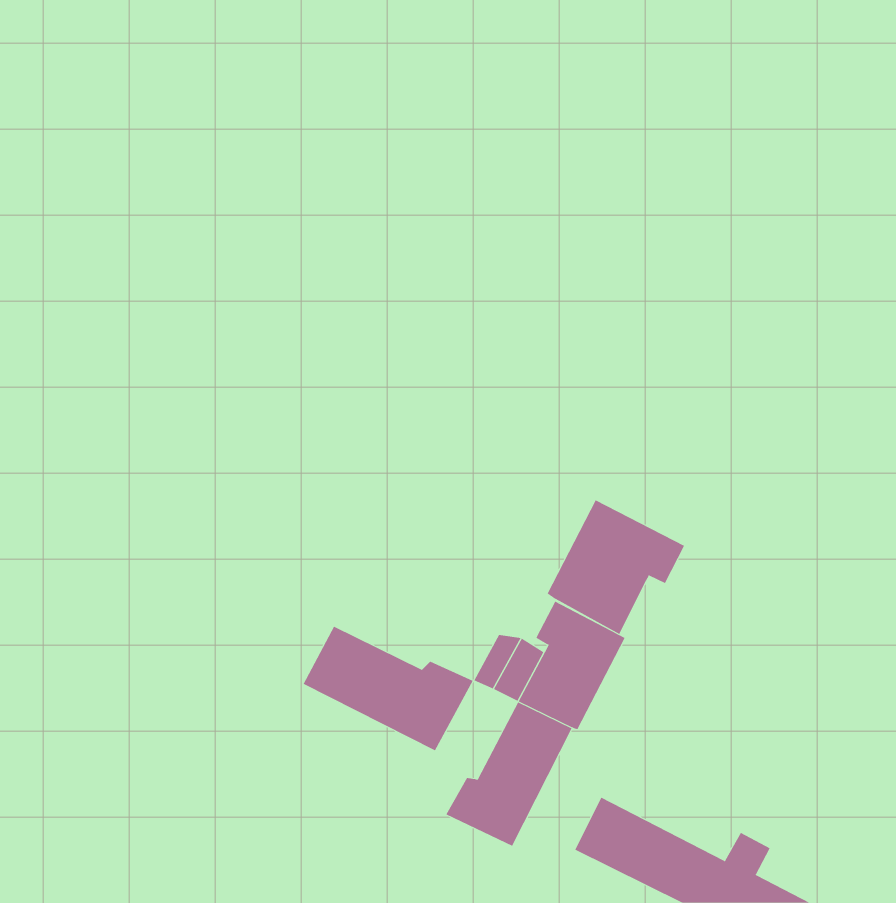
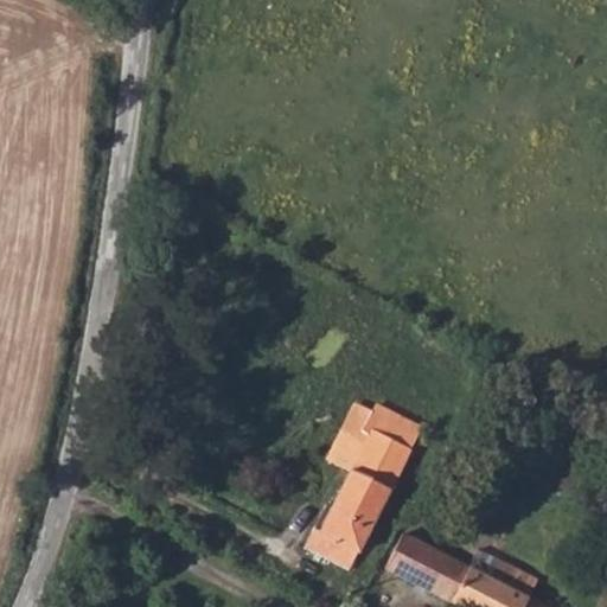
building: [547,500,685,635] -> none
building: [303,626,474,751] -> none

